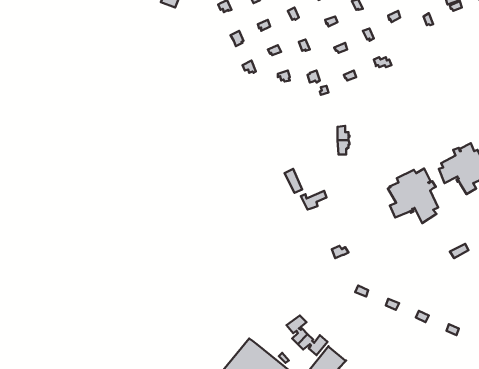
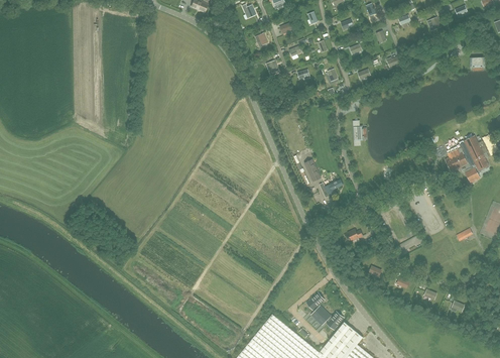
building: [388,168,438,223] -> none

